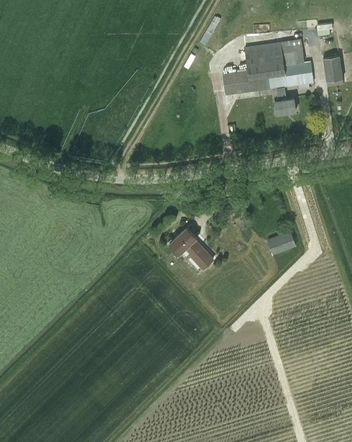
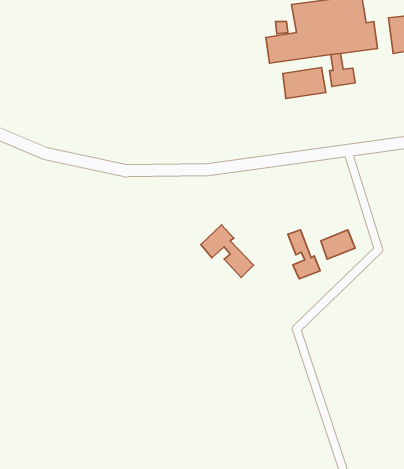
building: none -> [283,67,326,99]
building: none -> [288,230,320,279]

